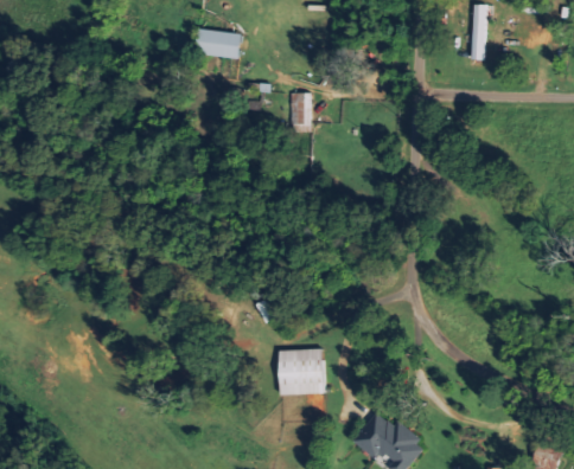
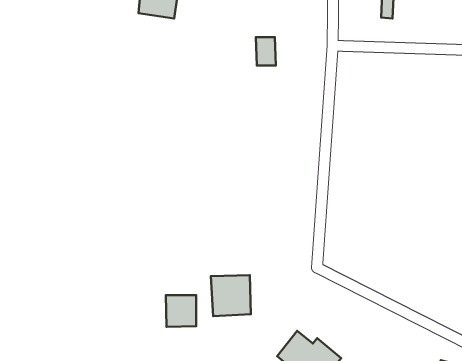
building: [288,92,311,124] -> [256,37,276,65]
building: none -> [166,295,196,327]

